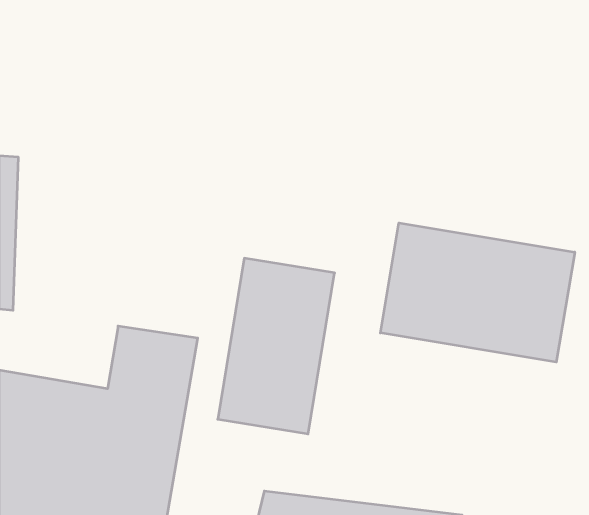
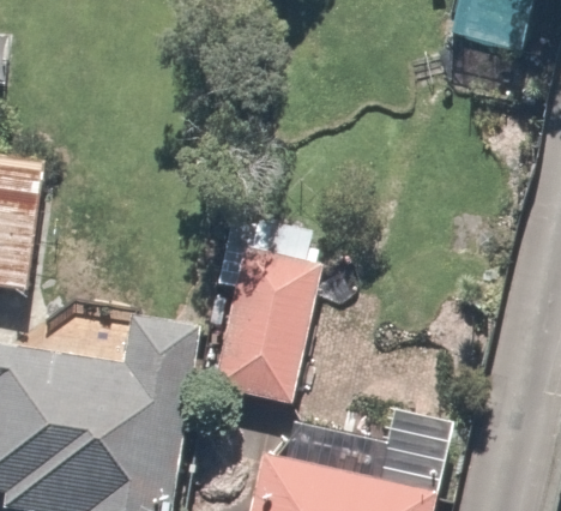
building: [380,223,575,362] -> none

